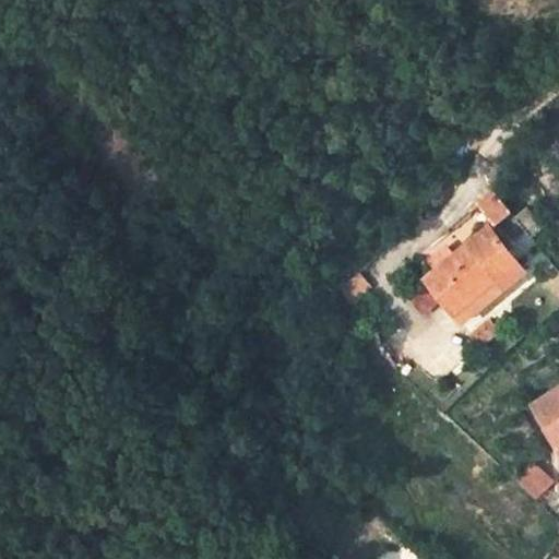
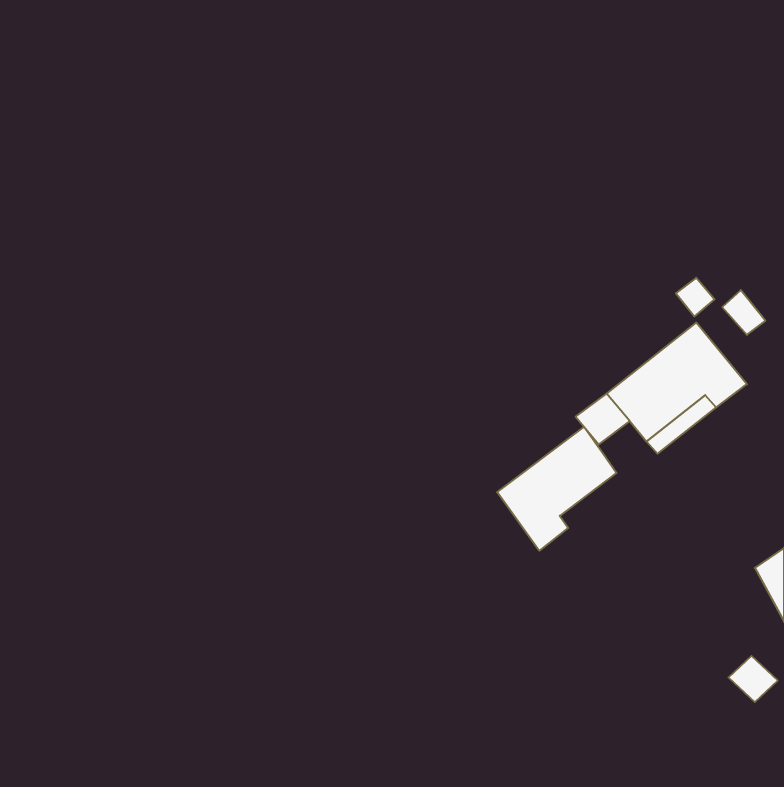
building: none -> [497,427,617,551]

